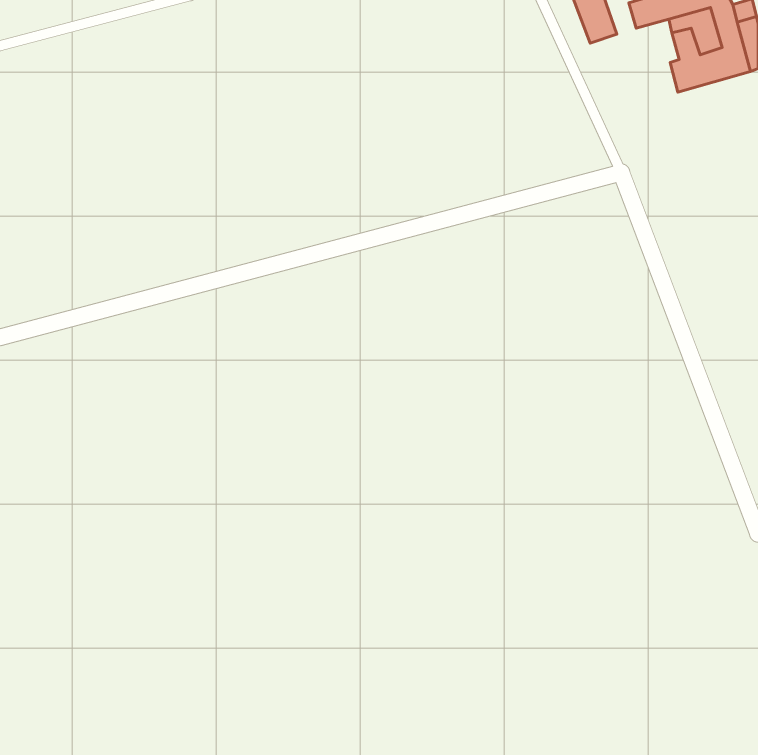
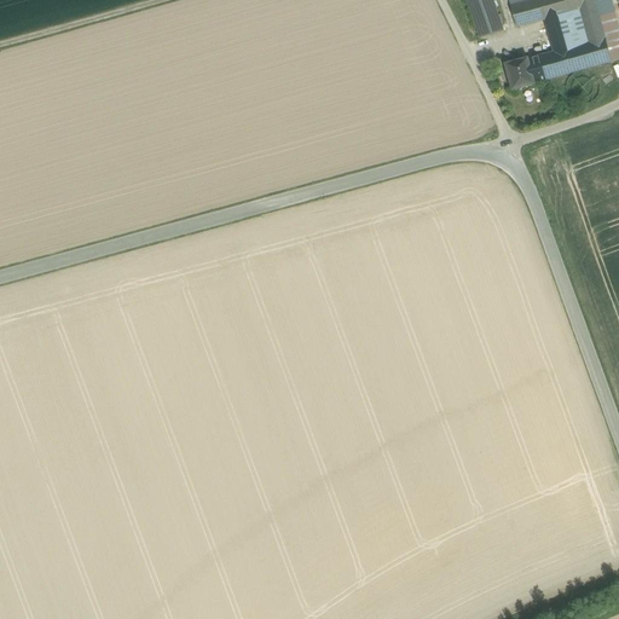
building: none -> [504,51,551,87]

